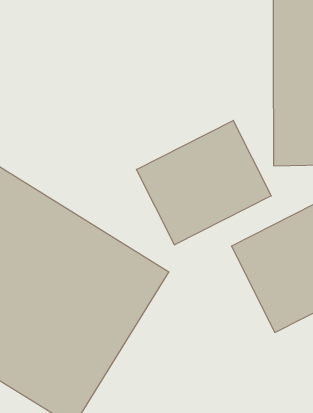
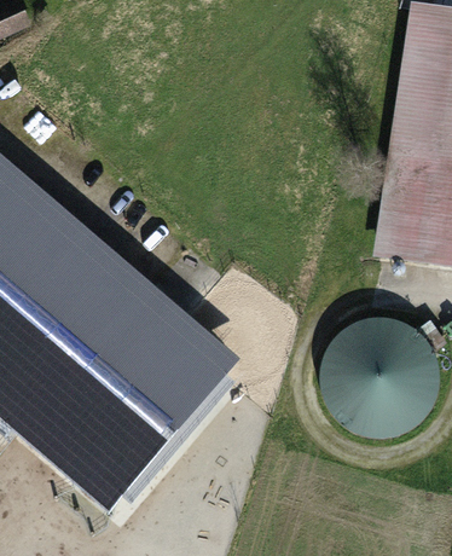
building: [136,120,271,245] -> none

